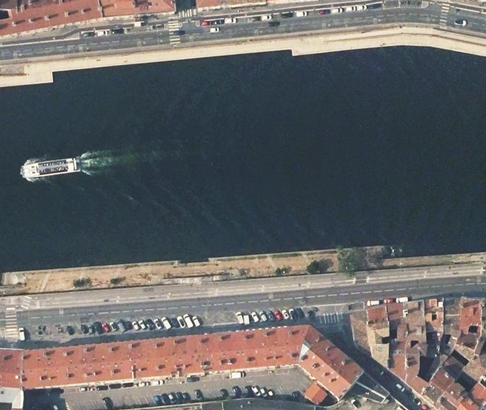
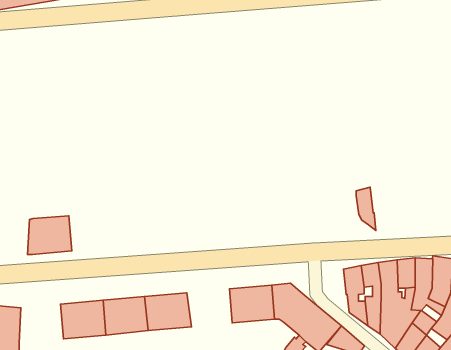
building: [351,310,372,356] -> [356,187,376,231]
building: [200,331,248,371] -> none
building: [22,347,69,388] -> [27,216,72,254]

